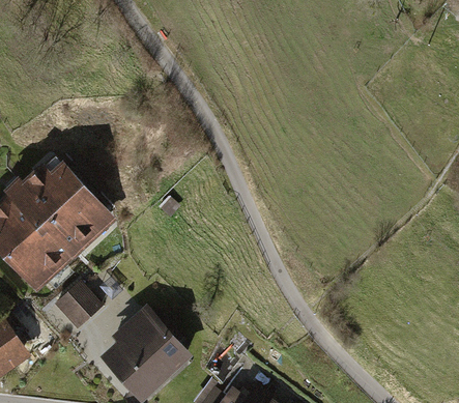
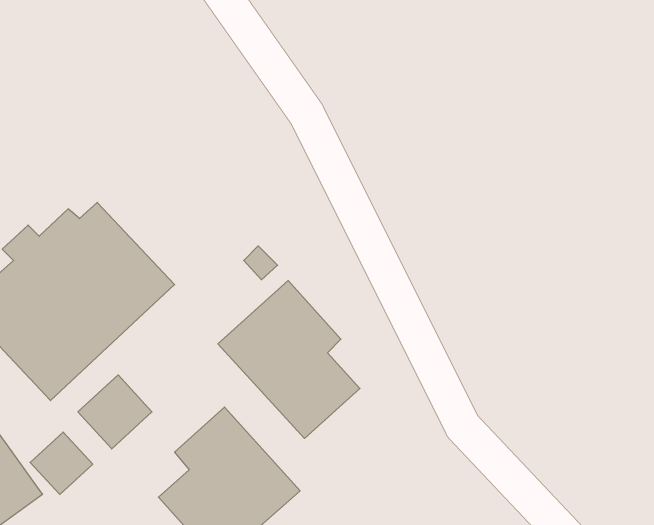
building: none -> [218,281,360,438]
building: none -> [30,432,93,494]

